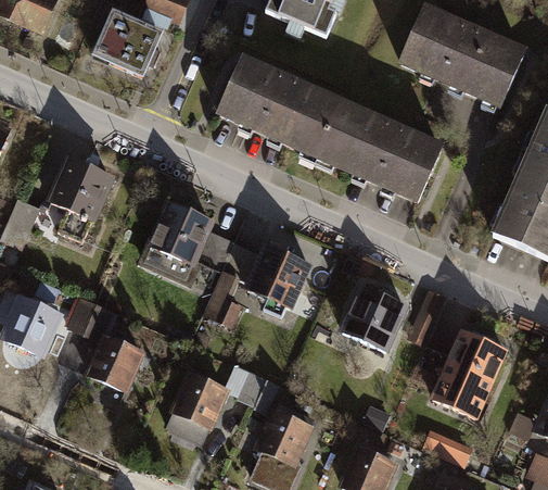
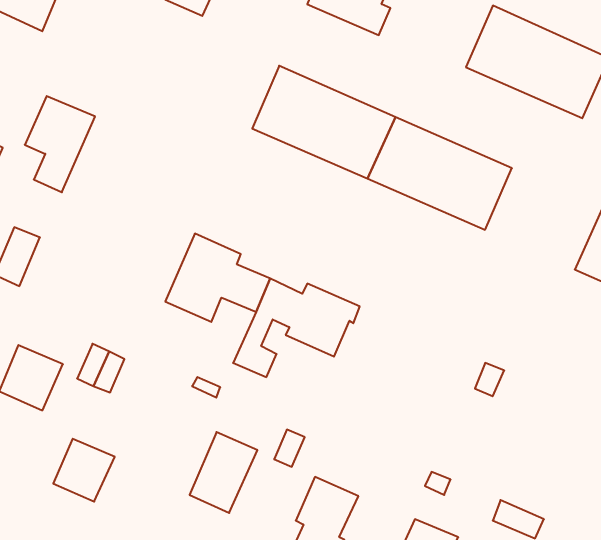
building: [95,12,161,74] -> none
building: [52,159,112,240] -> [25,96,95,192]
building: [344,288,404,348] -> none
building: [411,331,504,416] -> none
building: [90,336,142,389] -> [53,439,115,502]

